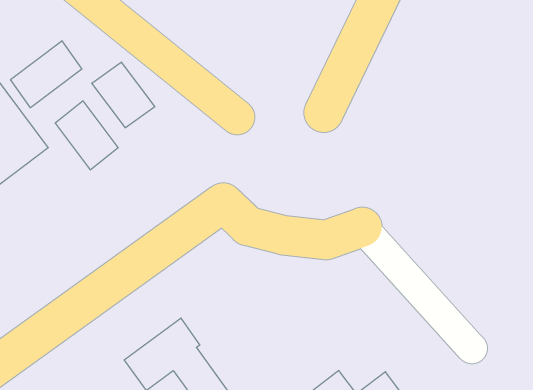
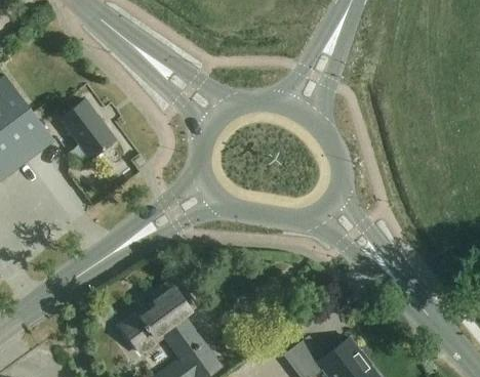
building: [11,41,82,108] -> none
building: [92,62,155,128] -> none

